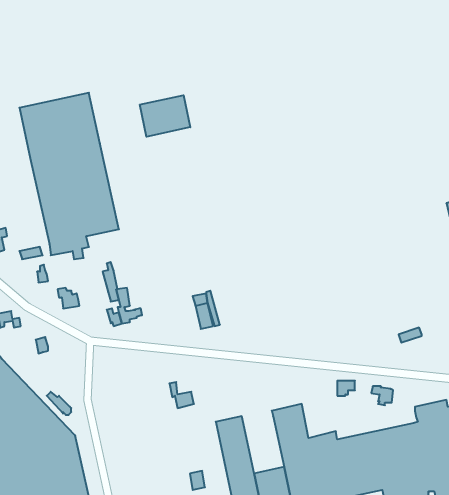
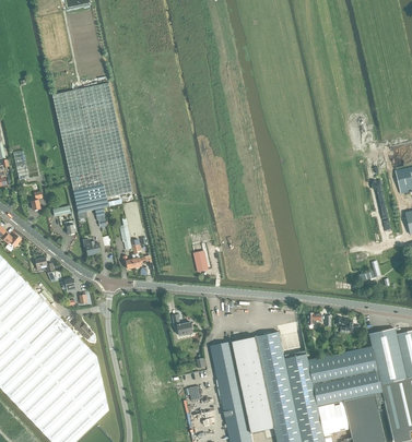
building: [140,95,190,137] -> none
building: none -> [231,337,264,387]

